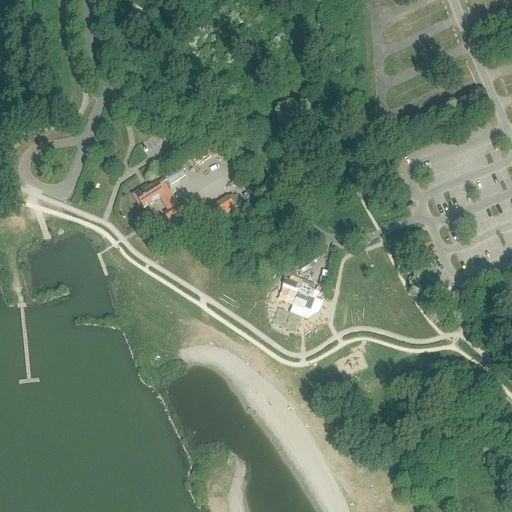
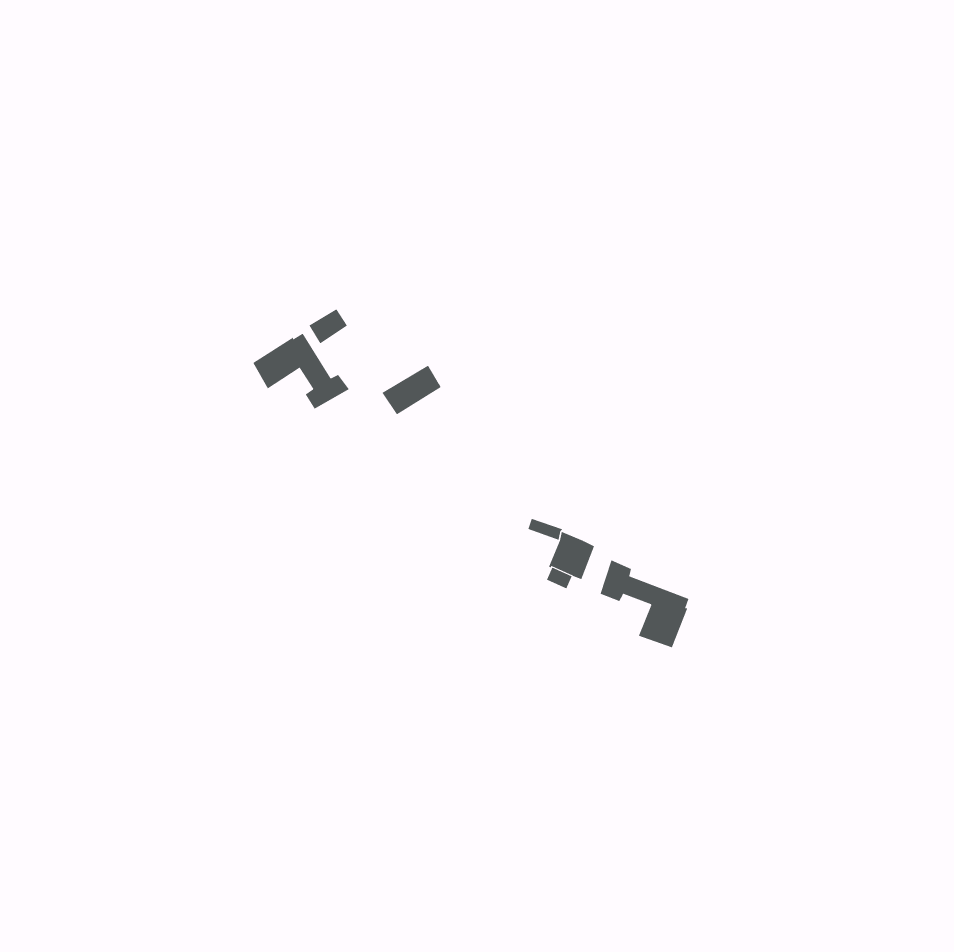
building: none -> [600,559,689,648]

